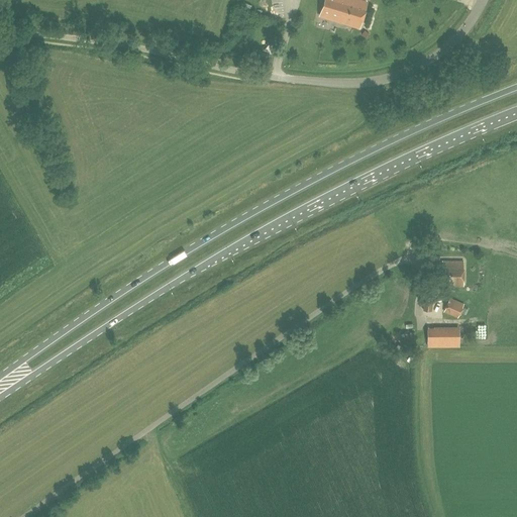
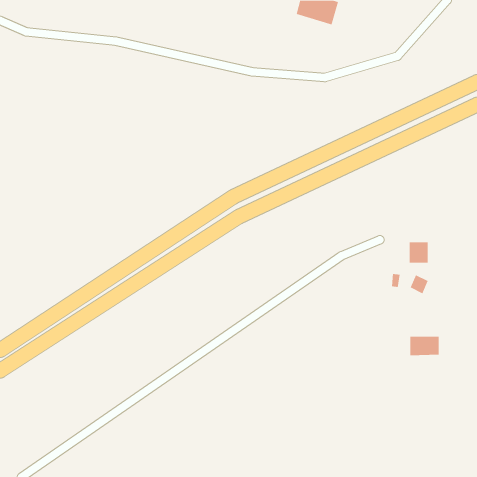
building: [427,326,459,347] -> [410,336,439,356]

